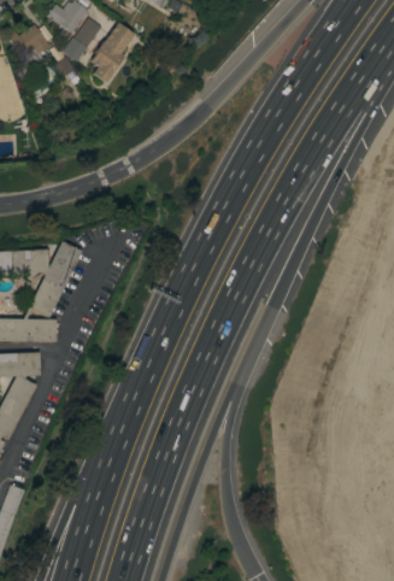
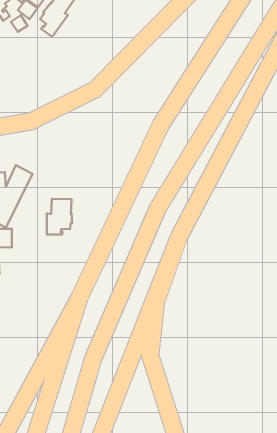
building: none -> [47,199,72,235]

